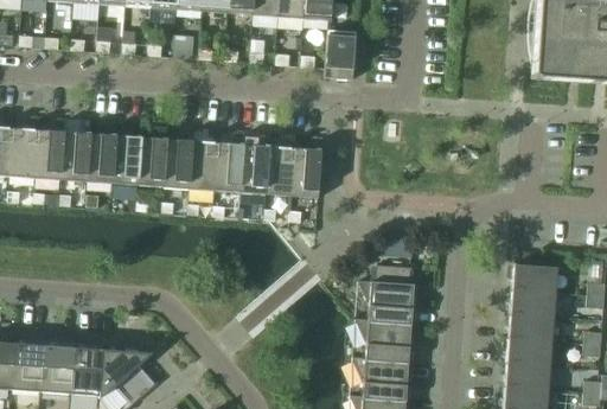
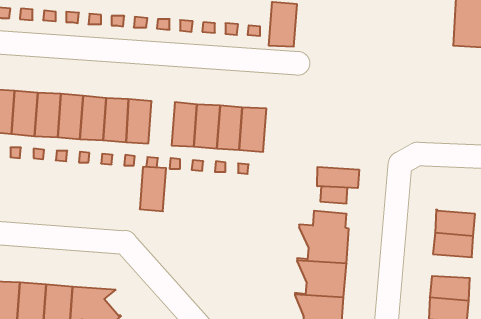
building: [190,140,219,190] -> [140,167,166,211]
building: none -> [317,167,359,188]
building: [509,312,554,339] -> none

